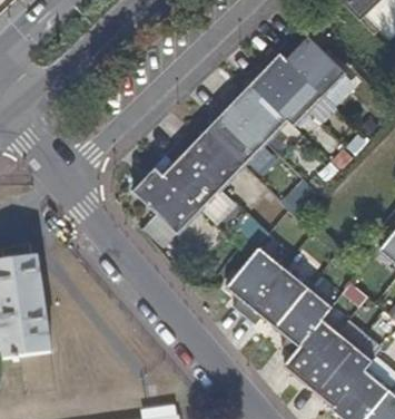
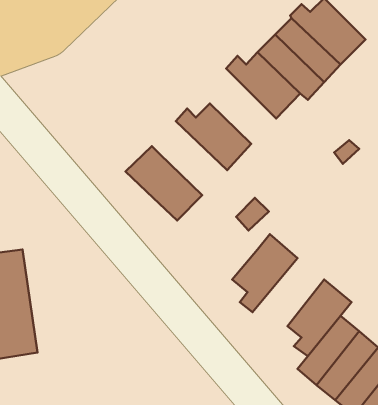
building: [207,99,266,166] -> none
building: [162,146,223,212] -> none
building: [245,267,308,328] -> none

